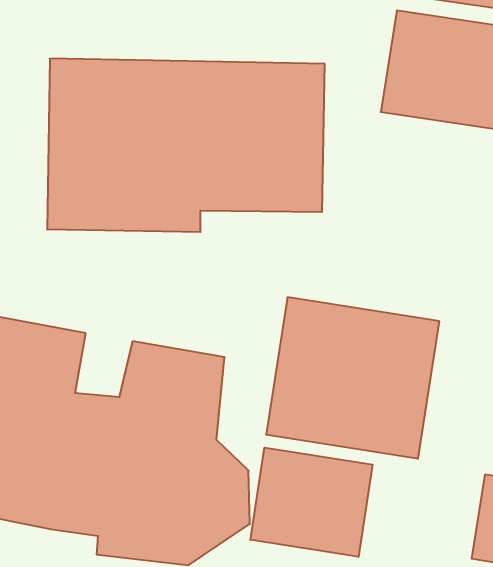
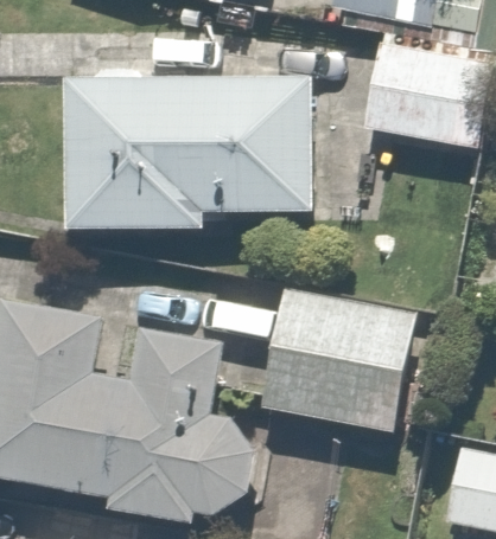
building: [250,448,372,557] -> none

